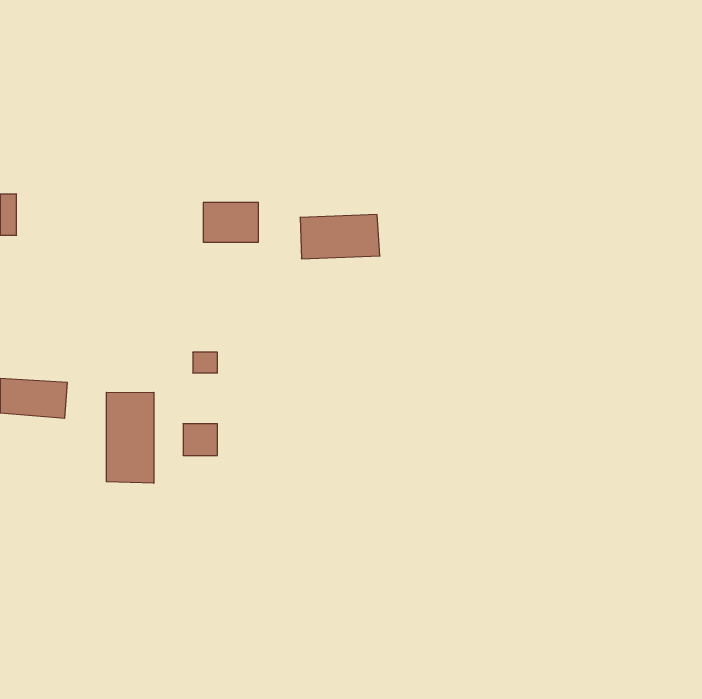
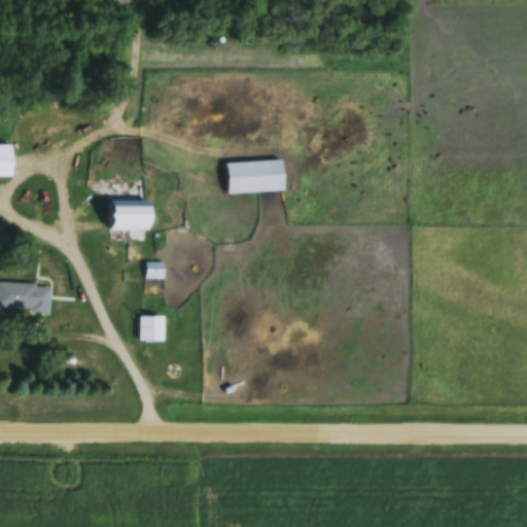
building: [203,202,258,242] -> [111,201,152,231]
building: [106,392,154,483] -> none

